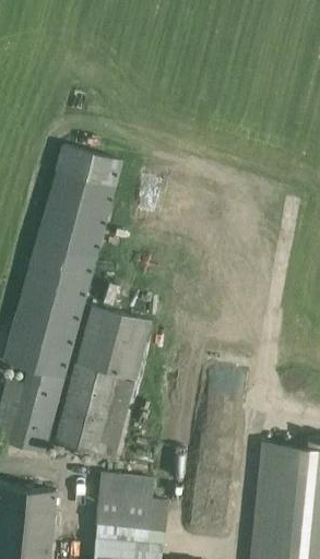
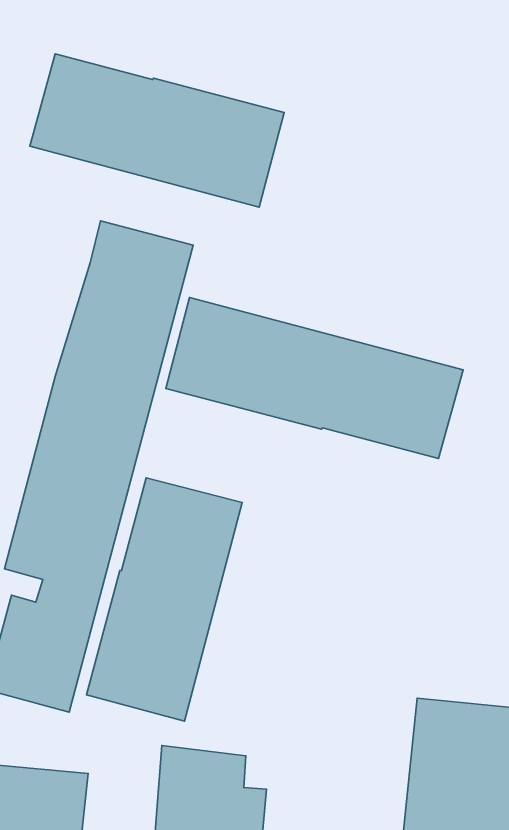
building: none -> [30,54,284,207]
building: none -> [166,298,463,458]

